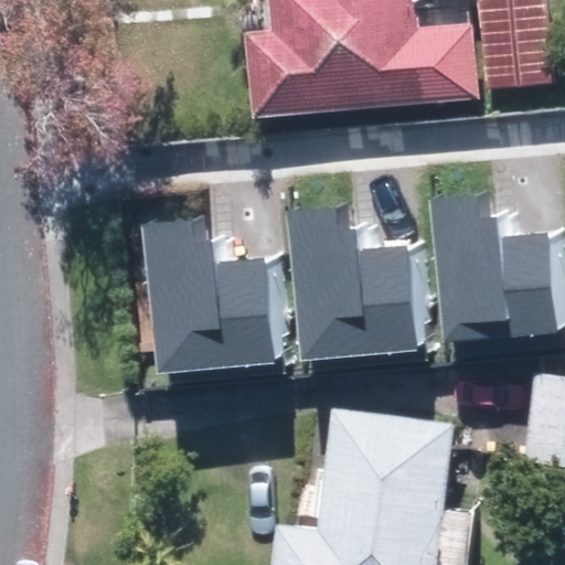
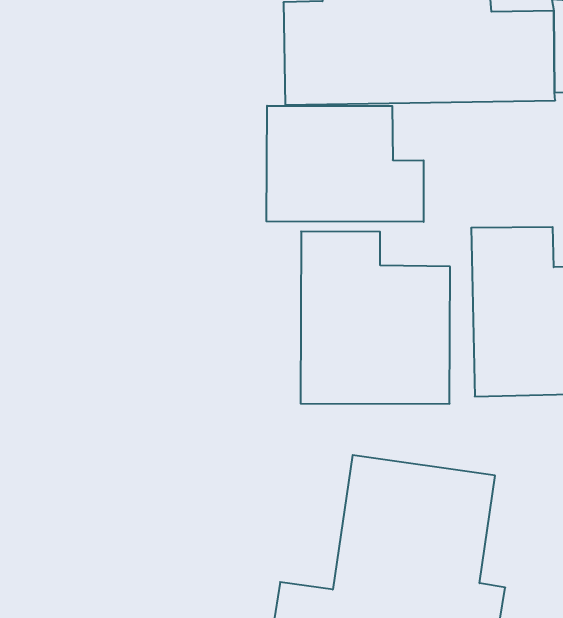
building: none -> [266,106,424,222]
building: [131,222,275,377] -> none

